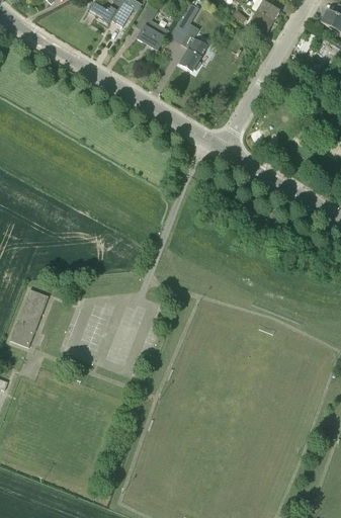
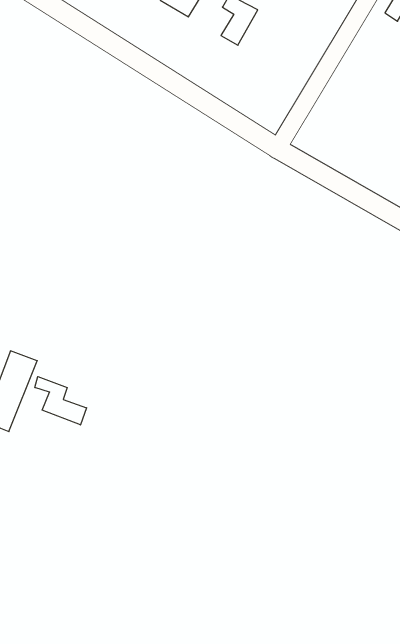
building: none -> [35,377,87,425]

